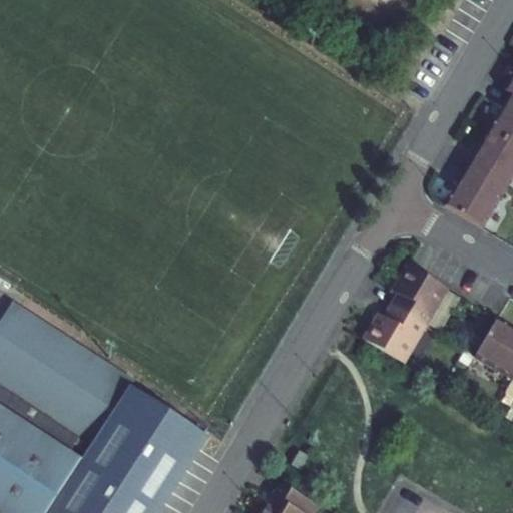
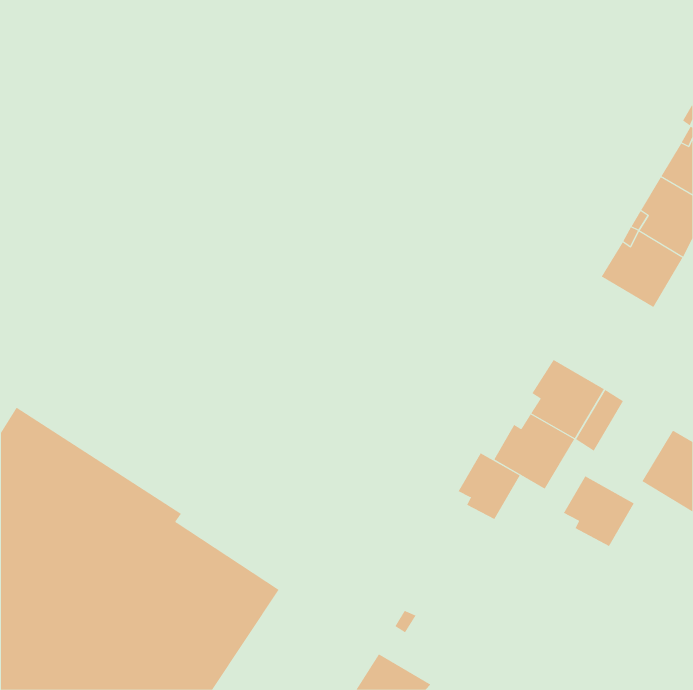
building: none -> [458,453,520,520]
building: none -> [563,476,634,547]

